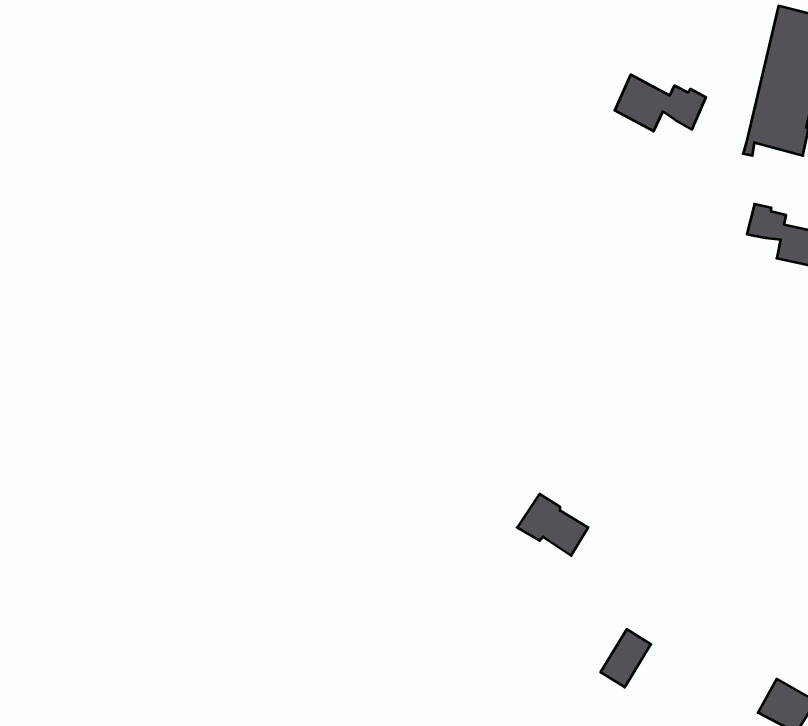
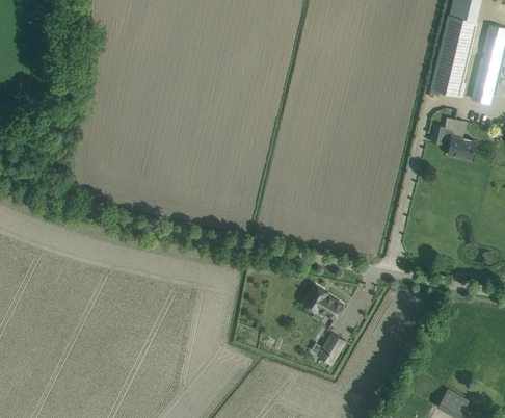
building: [615,75,706,131] -> none
building: [601,629,651,687] -> [317,332,345,364]

